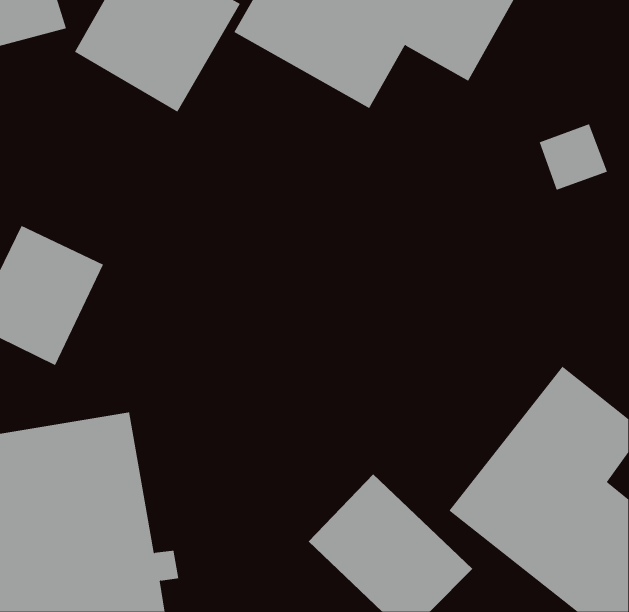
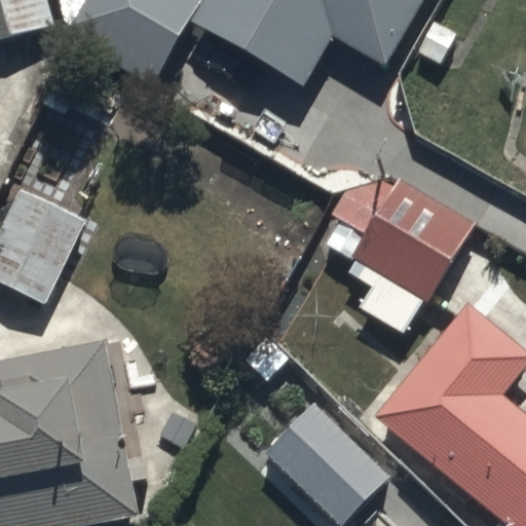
building: none -> [318,158,477,335]

